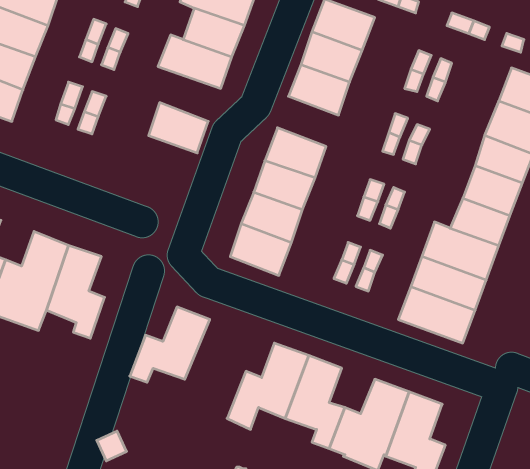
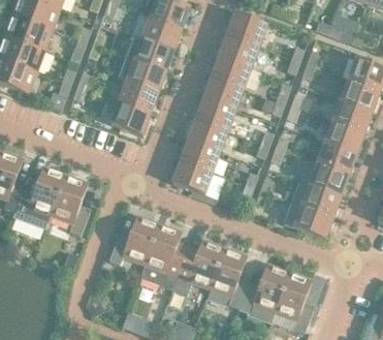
building: none -> [117,58,165,94]
building: none -> [202,78,243,111]
building: none -> [109,103,150,136]
building: none -> [137,224,182,289]

